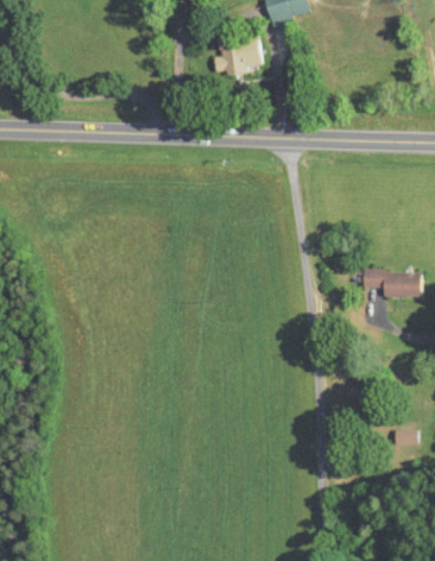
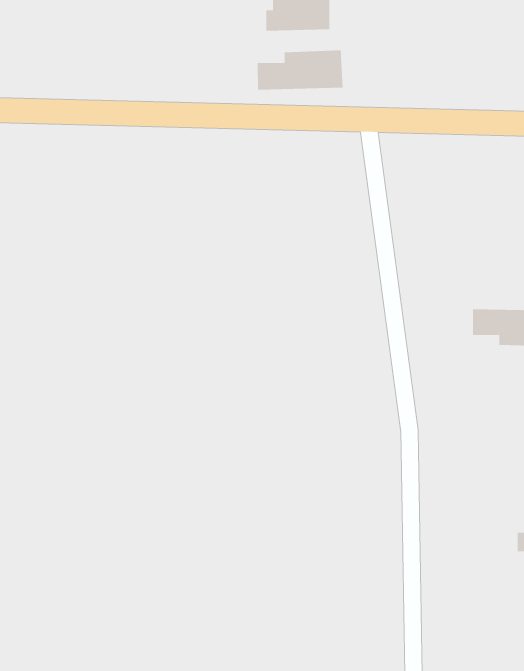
building: none -> [257,50,343,90]

